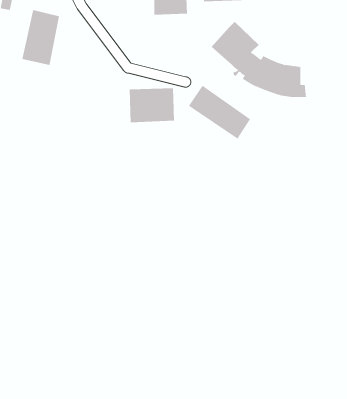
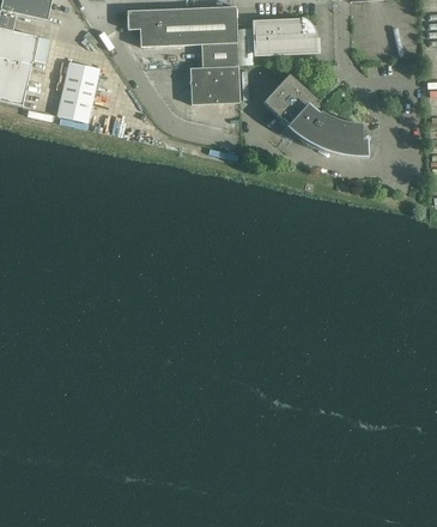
building: [188,85,251,140] -> none
building: [129,88,175,123] -> [189,66,239,104]

